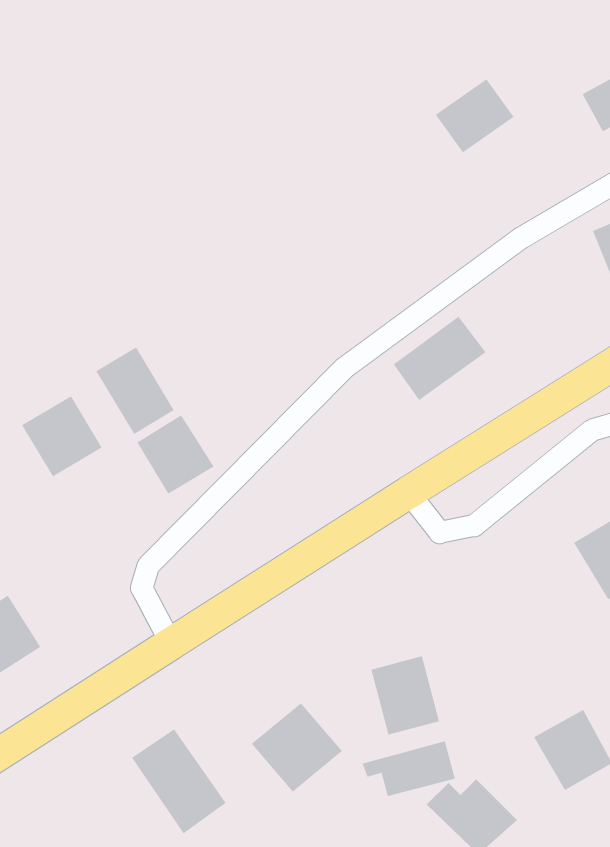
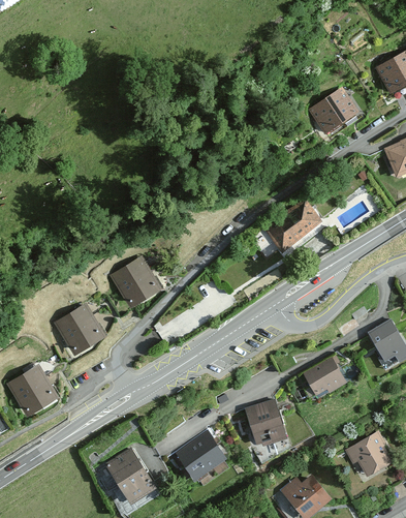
building: [435,79,515,153] -> [307,88,354,132]
building: [96,346,175,435] -> none
building: [21,396,103,477] -> [53,305,101,354]
building: none -> [305,357,352,401]
building: [362,740,455,797] -> none

